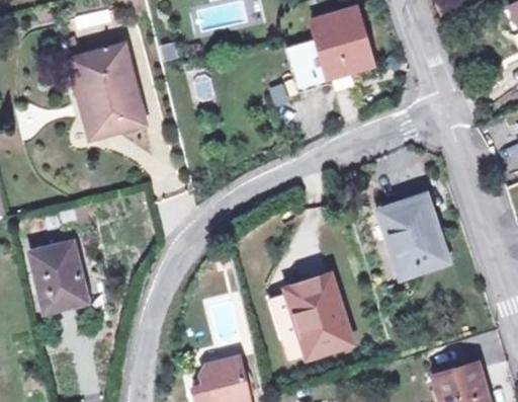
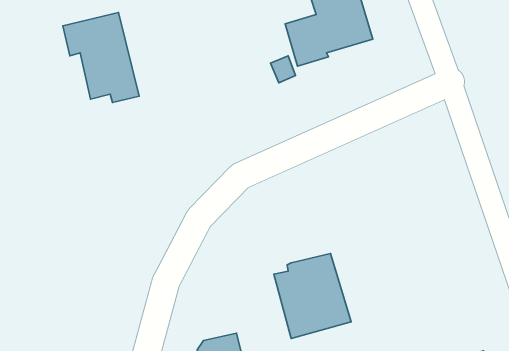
building: [385,197,451,280] -> none
building: [30,231,84,306] -> none

